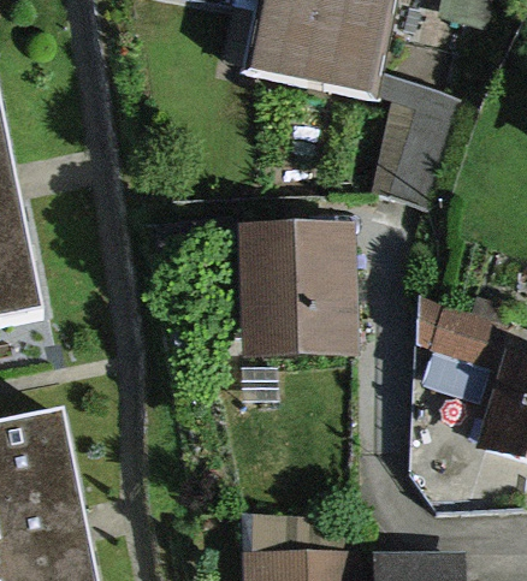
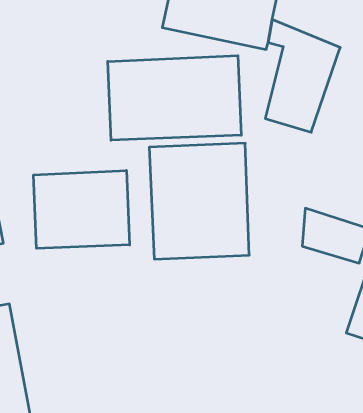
building: none -> [108,56,241,140]
building: none -> [34,170,130,248]

